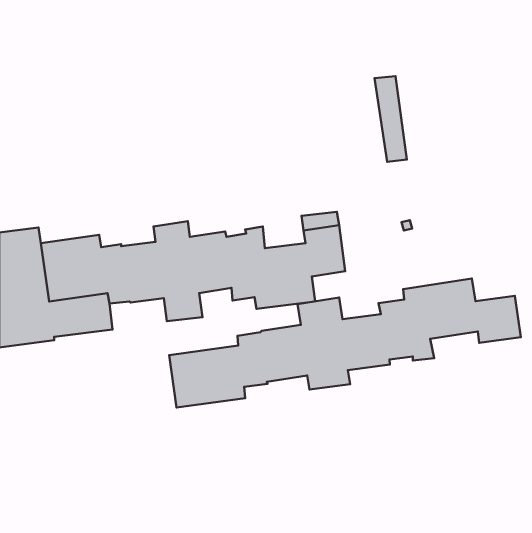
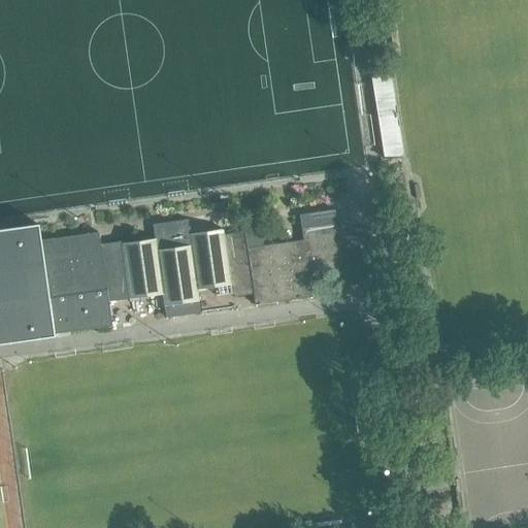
building: [169,279,521,408] -> none

